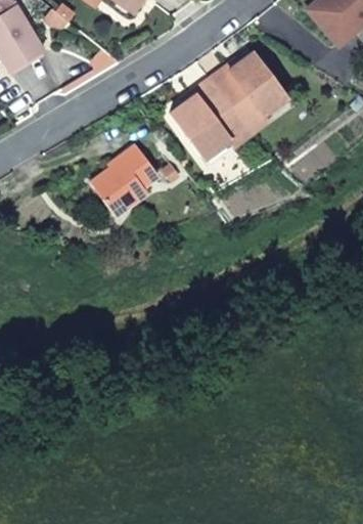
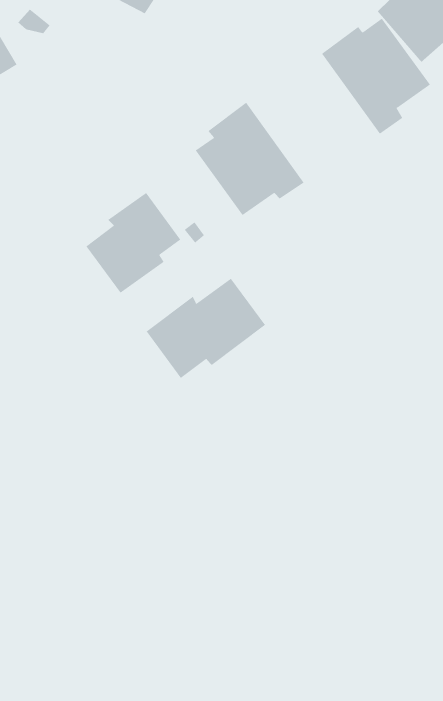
building: [210,49,290,135] -> [321,18,431,135]
building: none -> [146,278,266,379]

